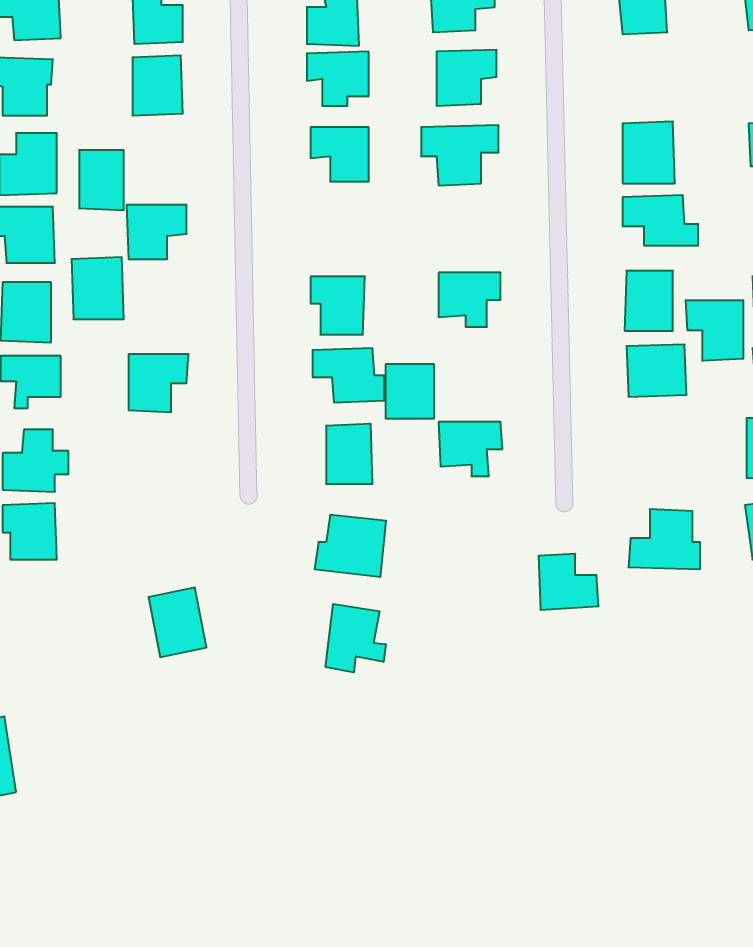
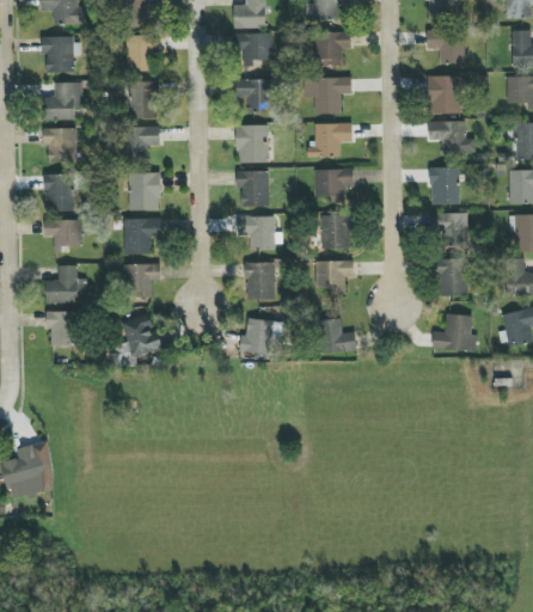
building: none -> [425,29,464,63]
building: [79,150,124,210] -> [129,81,157,118]
building: none -> [307,123,353,158]
building: none -> [235,126,268,163]
building: [71,257,124,319] -> [128,172,160,210]
building: [686,300,743,361] -> none
building: [386,364,434,419] -> [320,215,350,249]
building: none -> [437,259,466,296]
building: none -> [122,264,159,296]
building: [539,554,599,610] -> [318,319,355,354]
building: [148,587,207,657] -> [123,314,159,357]
building: [326,604,386,672] -> none

